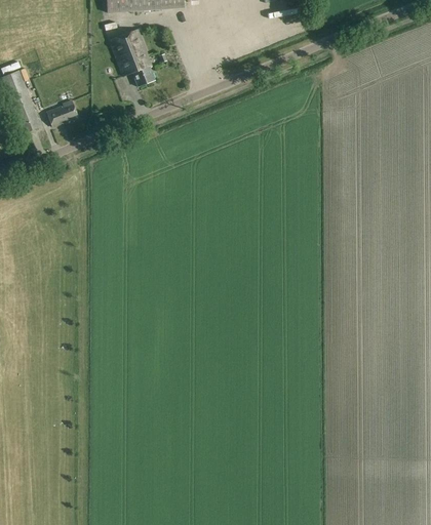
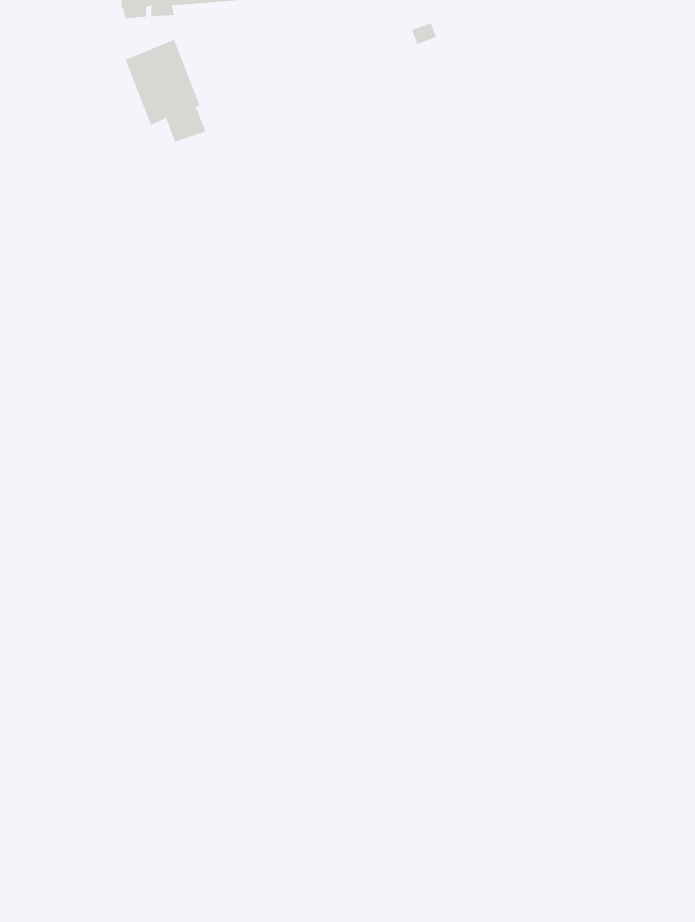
building: [46,98,78,126] -> none

